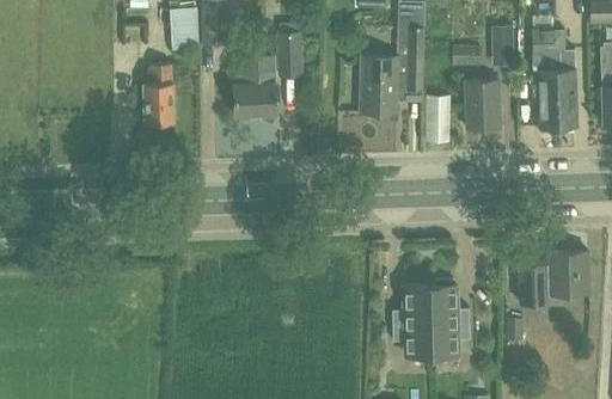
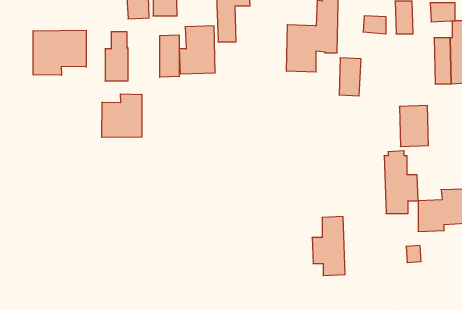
building: none -> [33,30,86,75]
building: none -> [160,35,179,77]
building: [465,80,500,129] -> [399,106,428,147]
building: none -> [102,94,142,137]
building: [429,280,470,355] -> [384,151,418,214]

